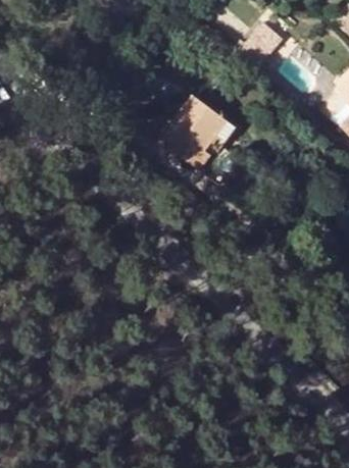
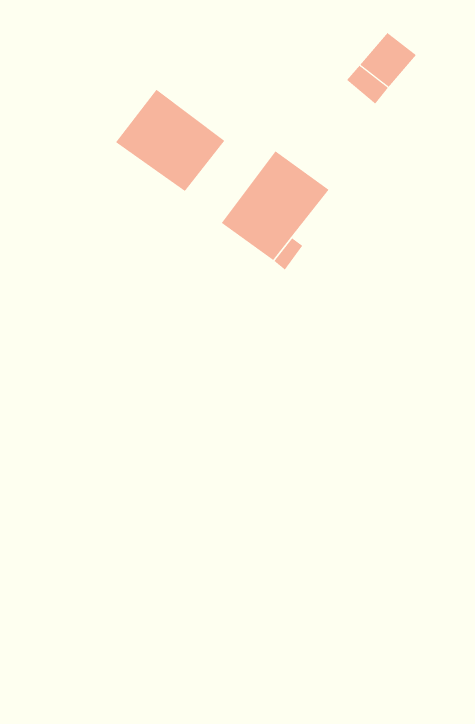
building: none -> [115,89,225,192]

